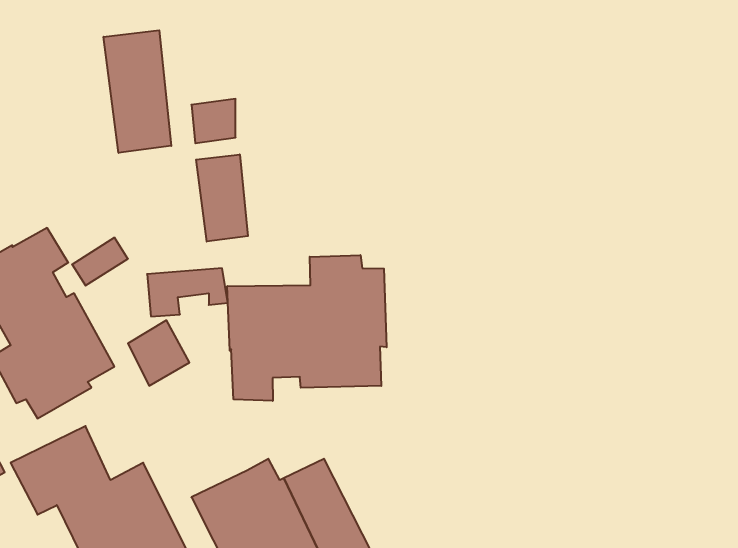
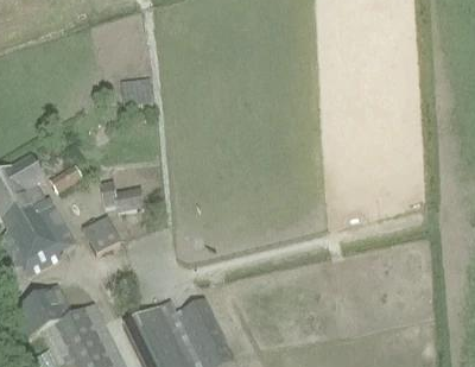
building: [104,30,171,153] -> none
building: [196,154,248,242] -> none
building: [227,255,387,401] -> none

